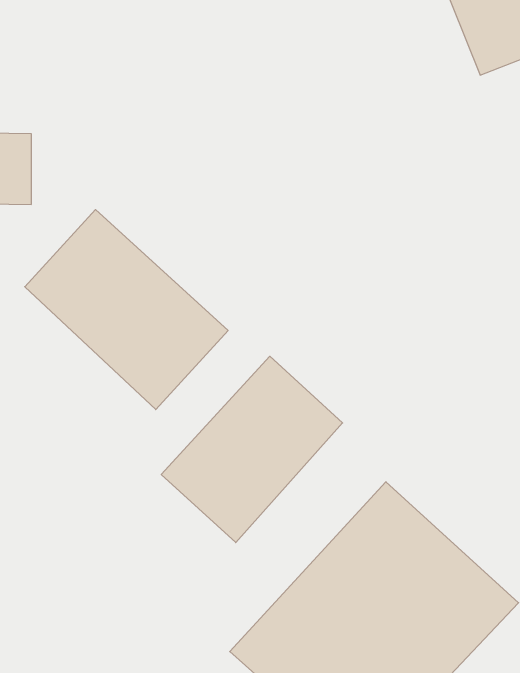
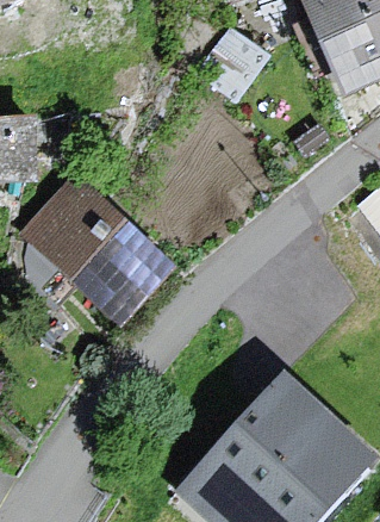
building: [161,356,343,543] -> none

